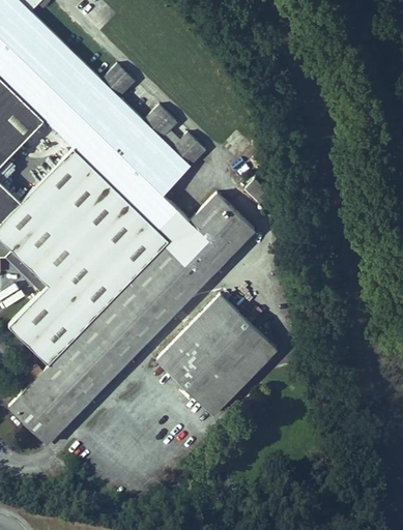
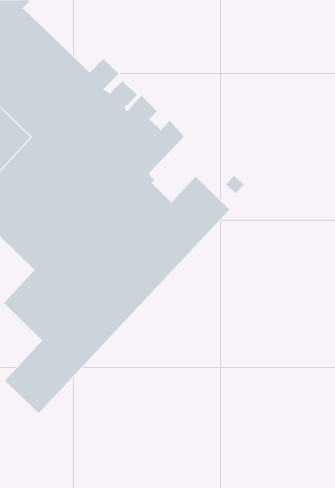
building: [155,294,278,415] -> none

